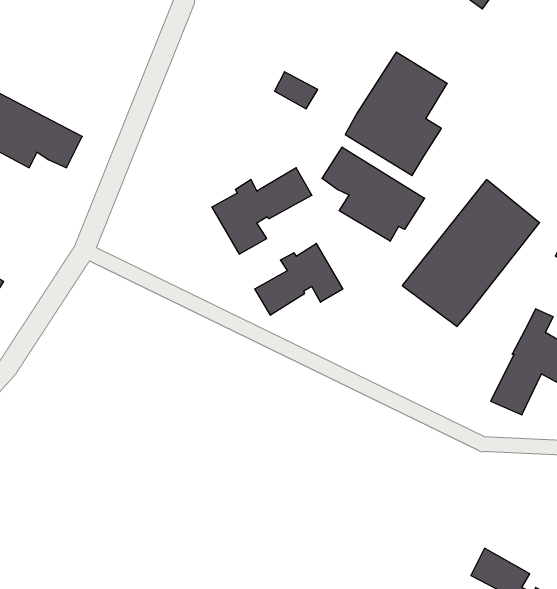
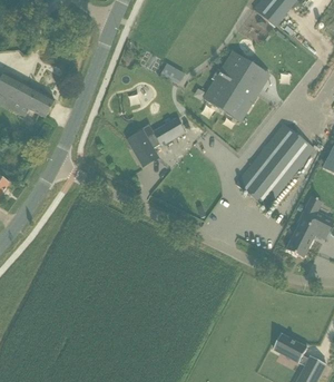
building: [322,147,425,241] -> none
building: [255,243,343,315] -> none

